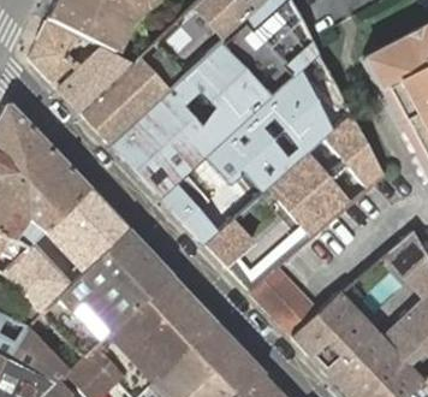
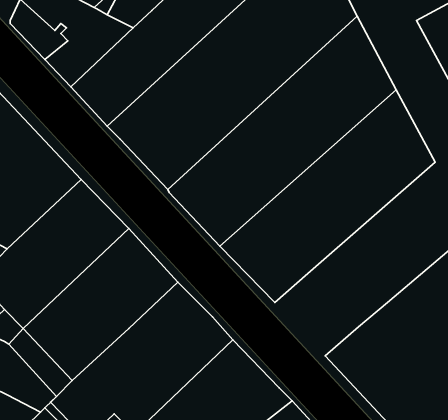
building: [250,267,320,336] -> none

